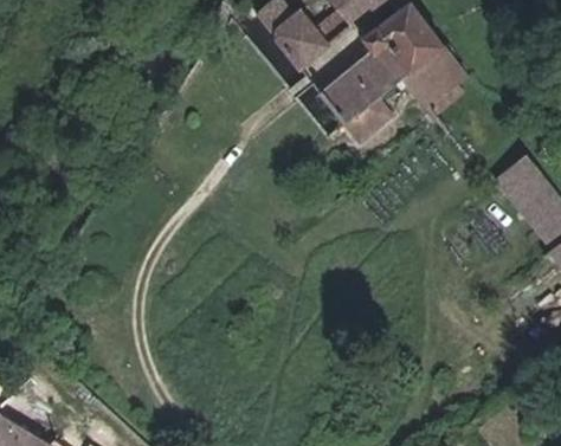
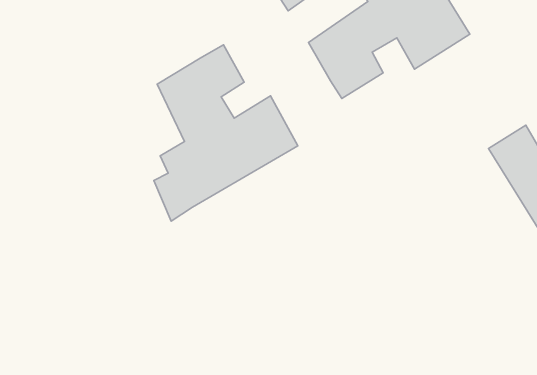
building: none -> [154,45,298,221]

